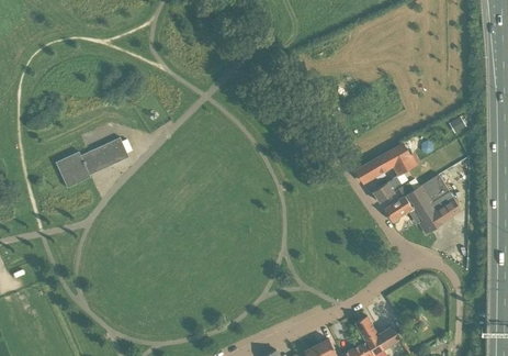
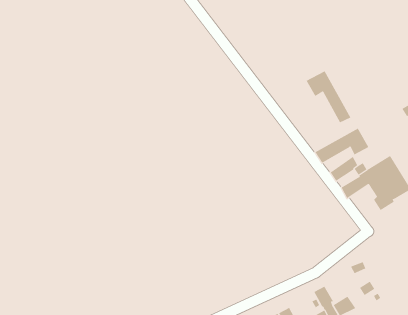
building: none -> [306,70,351,123]
building: [55,138,132,189] -> none

